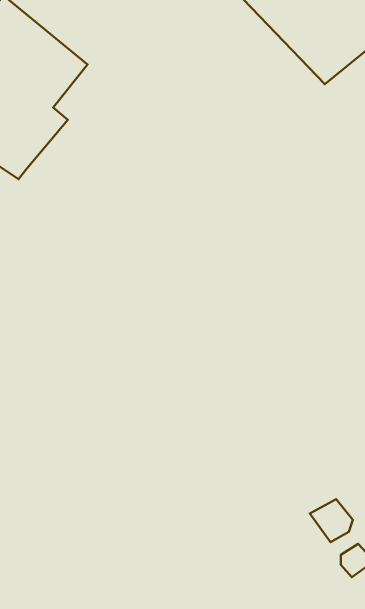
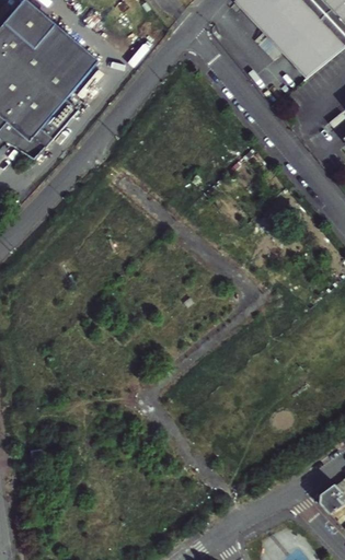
building: [310,499,353,542] -> none

